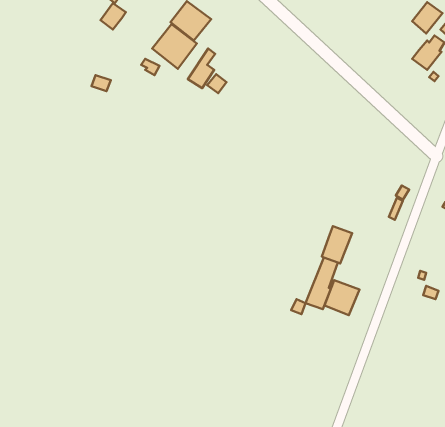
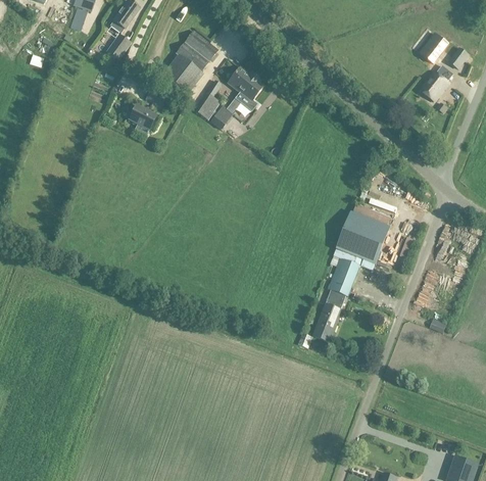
building: none -> [228,66,263,110]
building: none -> [129,104,156,129]
building: none -> [335,211,389,263]
building: [325,280,360,315] -> none

